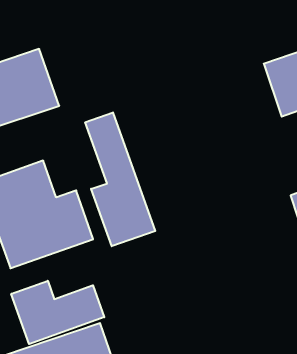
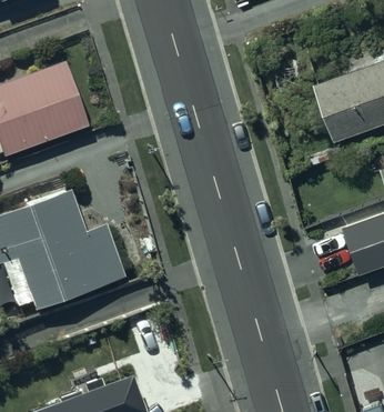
building: [85,112,155,246] -> none
building: [11,281,104,344] -> none

